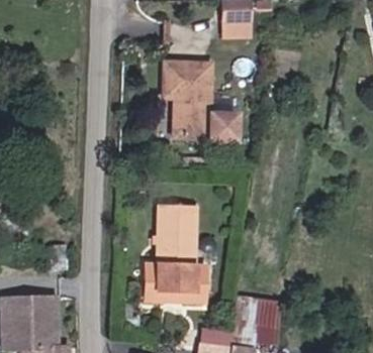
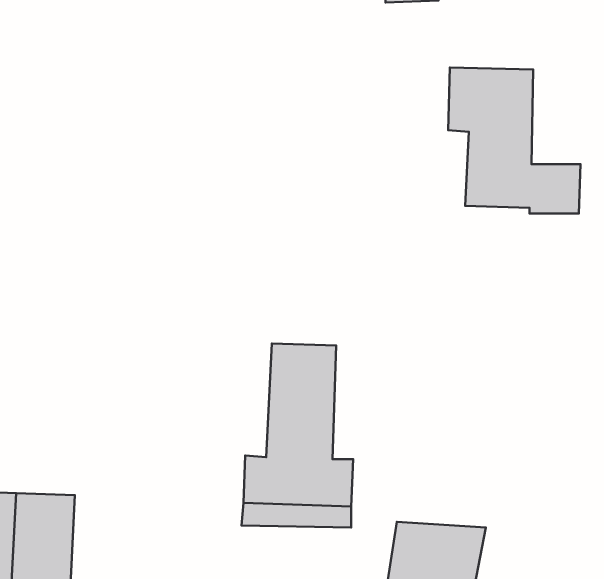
building: [164,64,235,141] -> [448,68,581,213]

